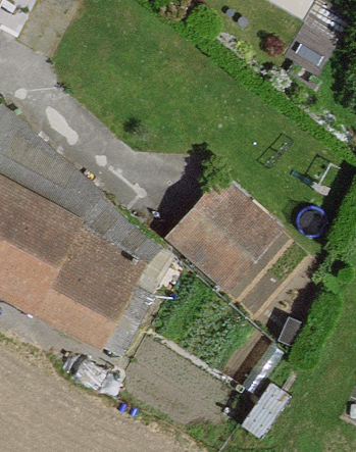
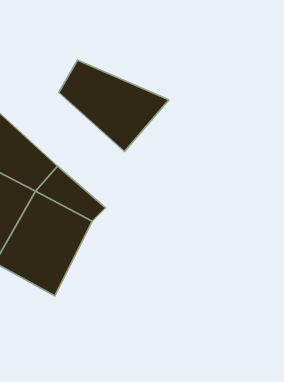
building: none -> [59,60,169,151]
building: [165,183,267,286] -> none

